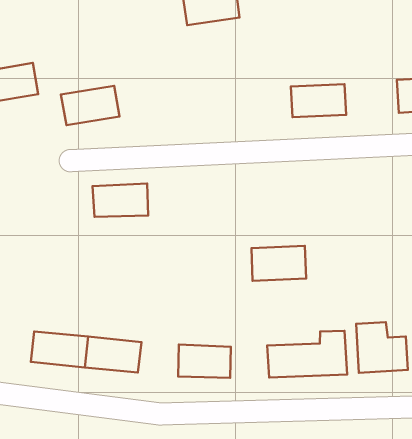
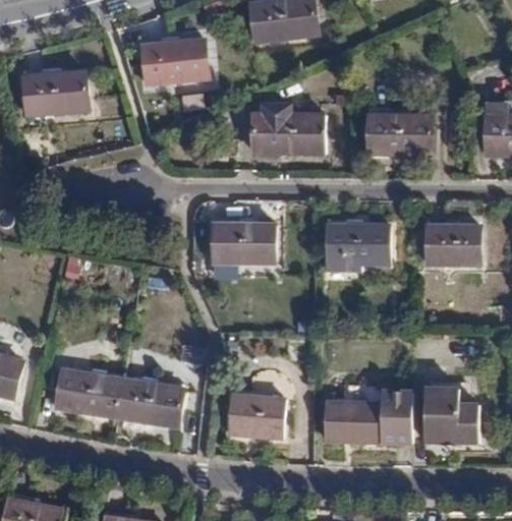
building: [61,86,120,125] -> [141,42,206,82]
building: none -> [265,116,324,152]
building: none -> [425,225,487,262]
building: [93,184,148,217] -> [207,224,268,260]
building: [251,246,306,281] -> [325,224,386,262]

